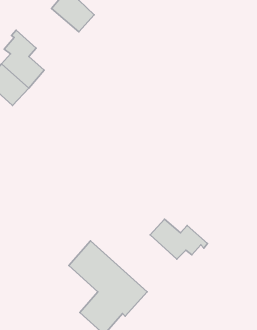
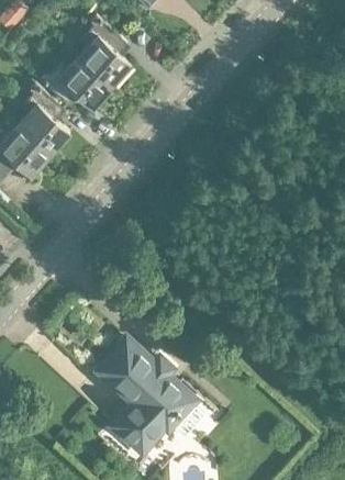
building: none -> [40,57,111,108]
building: [150,219,207,259] -> none

